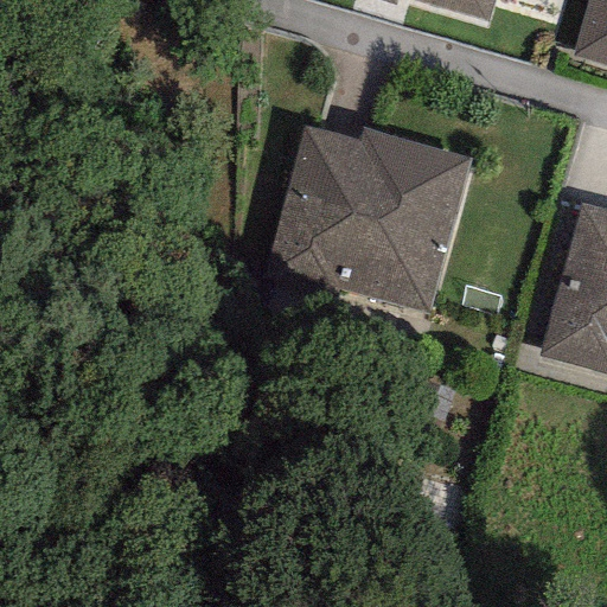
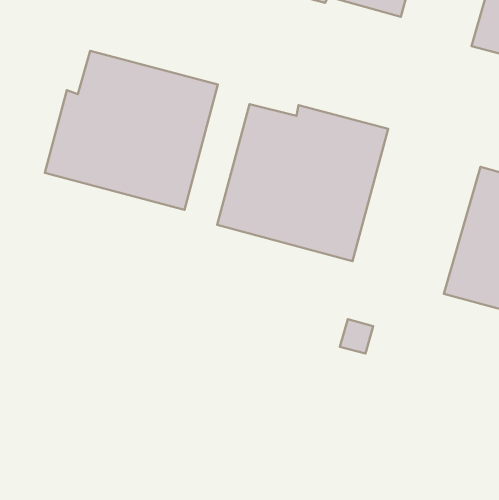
building: none -> [45,51,218,210]

